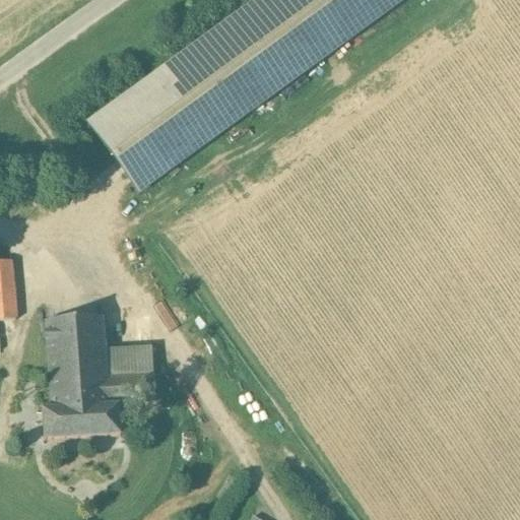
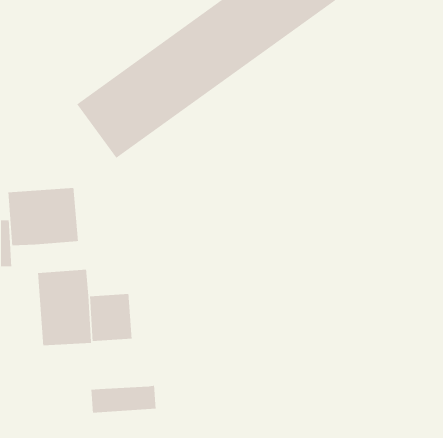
building: none -> [8,187,79,246]
building: [40,401,117,435] -> [91,385,156,414]

